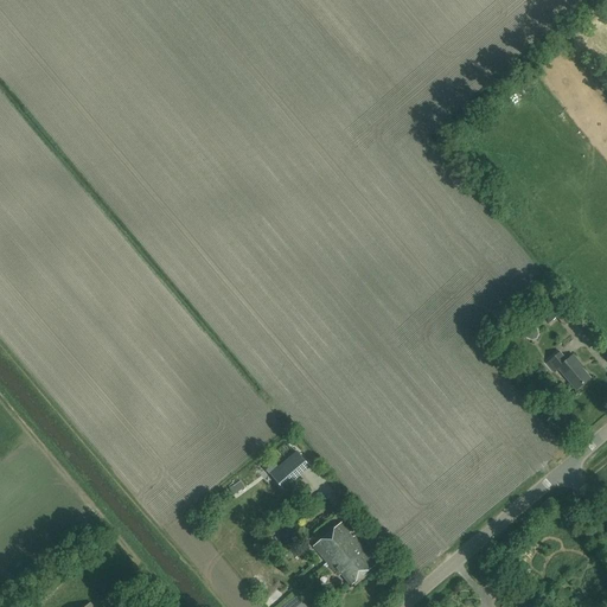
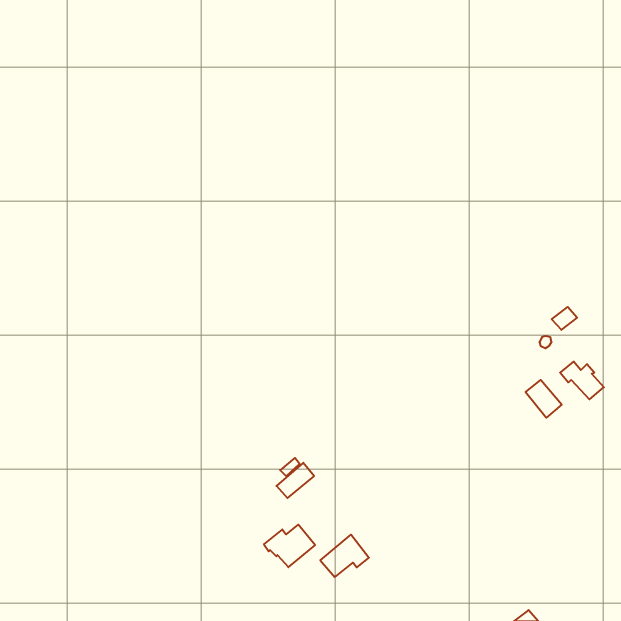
building: none -> [526,380,562,418]
building: [326,543,376,584] -> [264,525,315,567]

